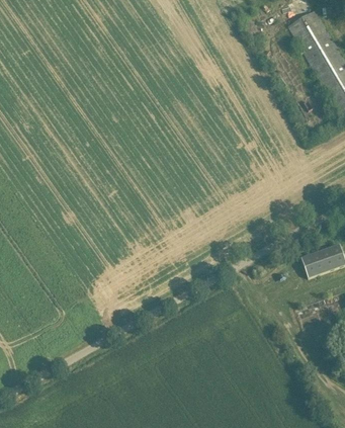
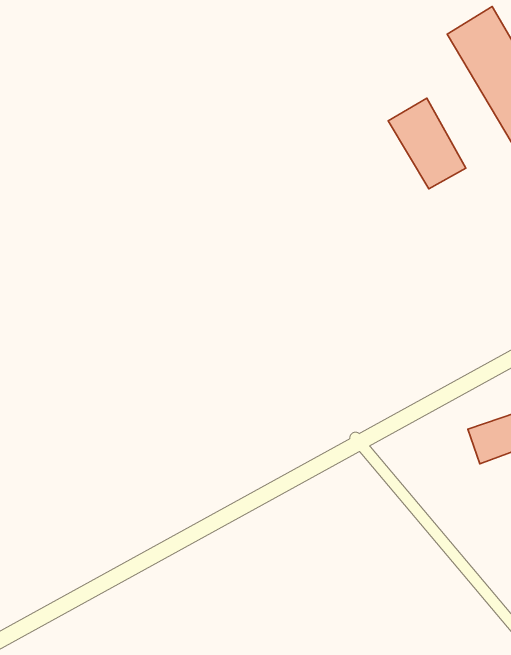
building: none -> [388,98,466,189]

